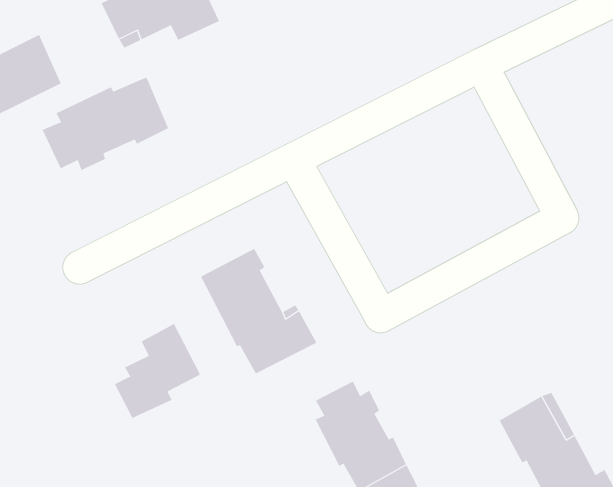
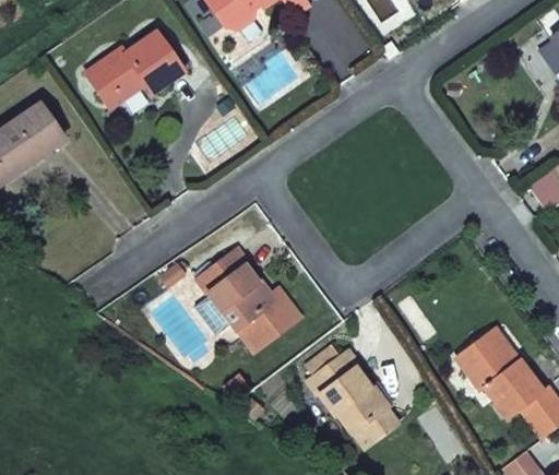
building: [42,77,169,171] -> none
building: [114,323,201,419] -> none

